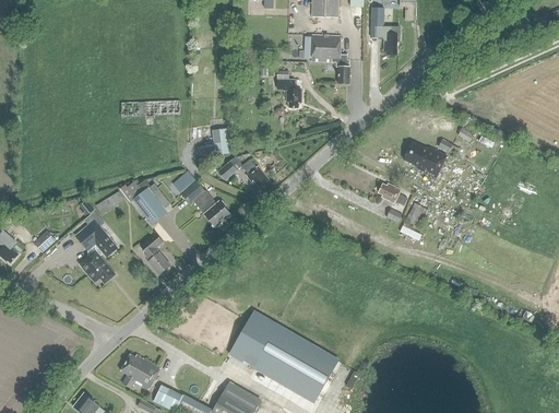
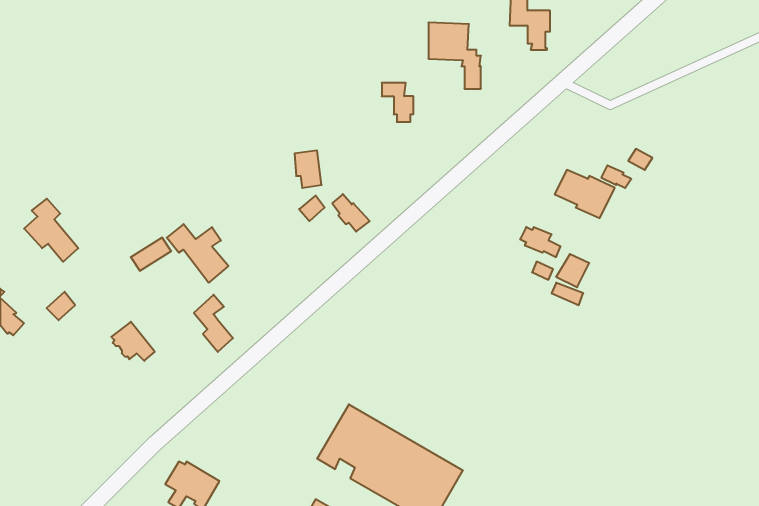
building: [180,179,230,226] -> none
building: [78,210,117,256] -> [24,199,78,262]

